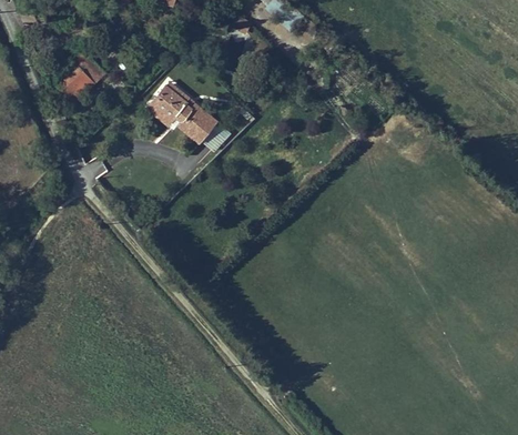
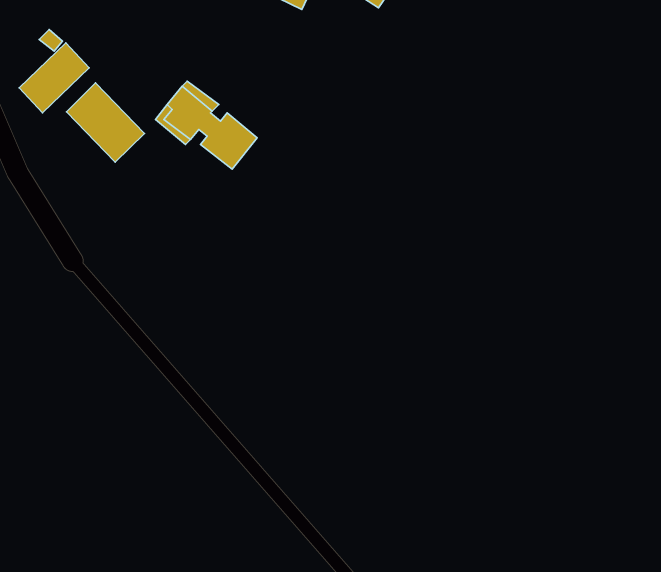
building: none -> [67,83,144,162]

